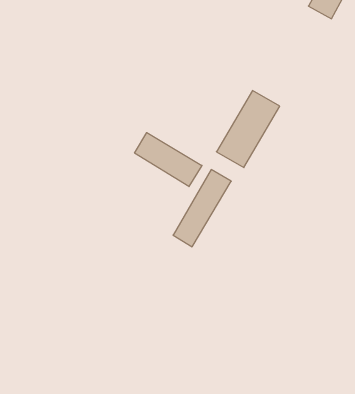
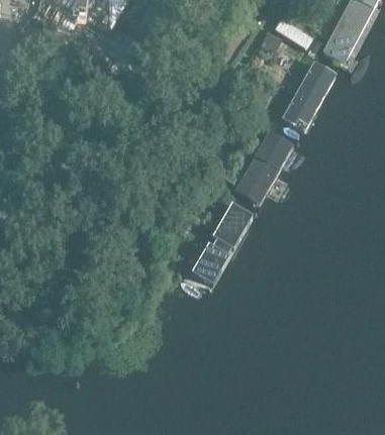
building: none -> [279,62,336,133]
building: [135,133,202,187] -> none

